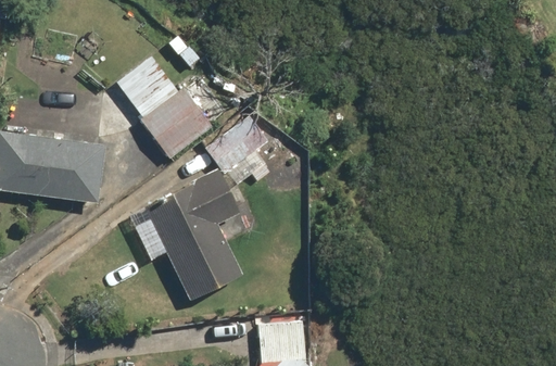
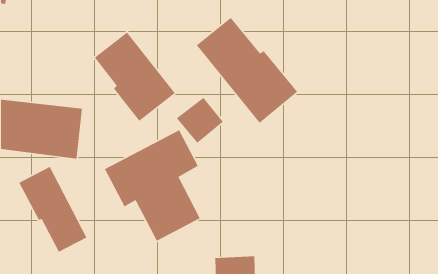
building: none -> [196,17,298,124]
building: none -> [18,166,88,253]

